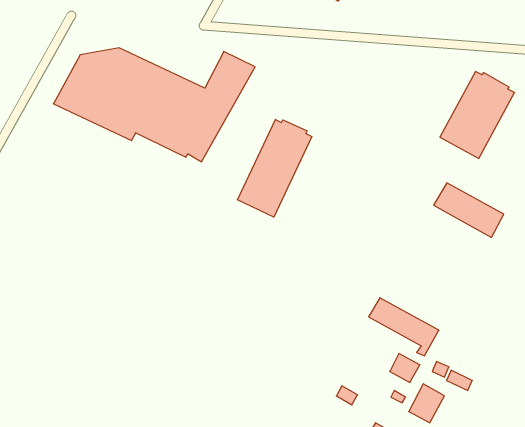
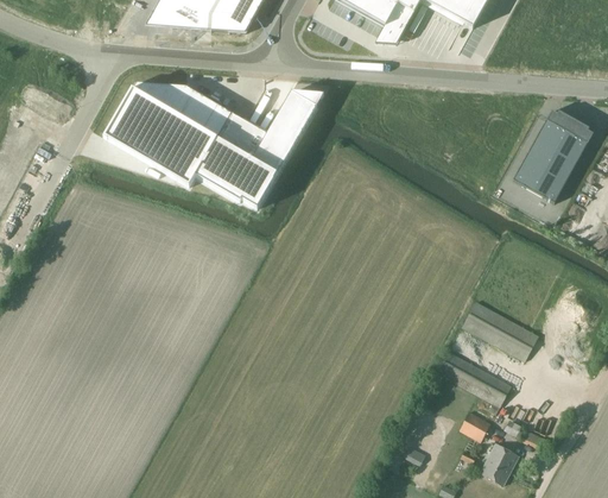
building: [238,119,312,217] -> none
building: [434,183,504,237] -> [461,300,536,358]

